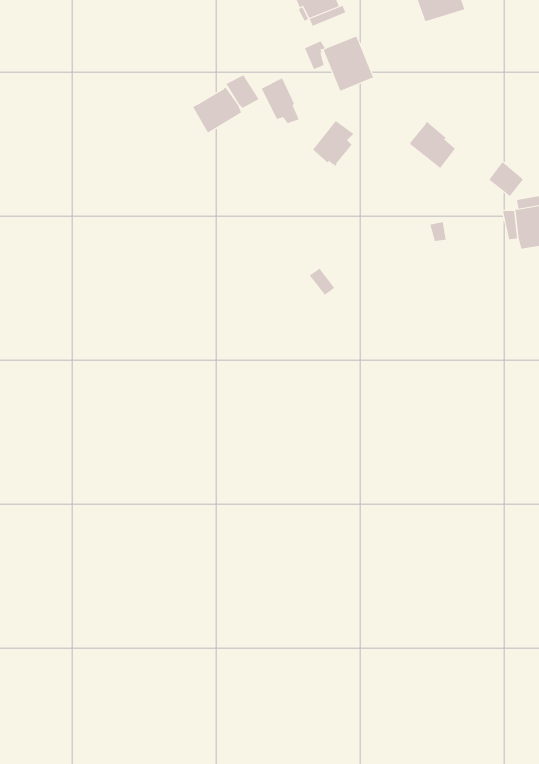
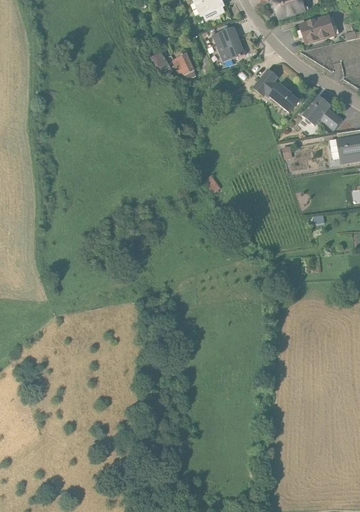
building: none -> [299,13,337,44]
building: [192,86,242,134] -> none
building: [312,120,354,166] -> [254,68,281,98]
building: none -> [303,95,333,126]

